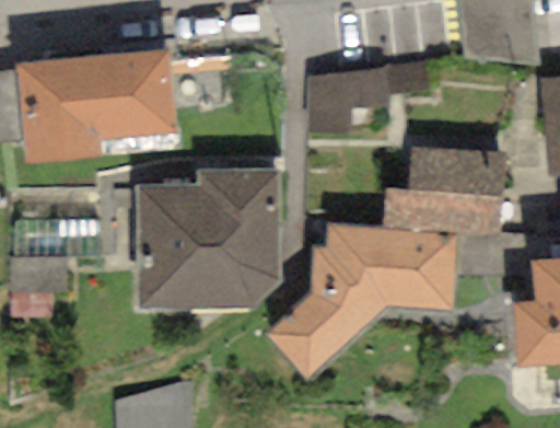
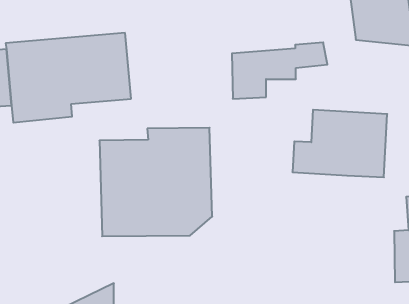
building: [268,222,454,381] -> none

